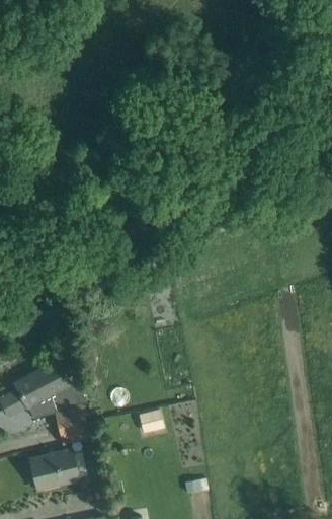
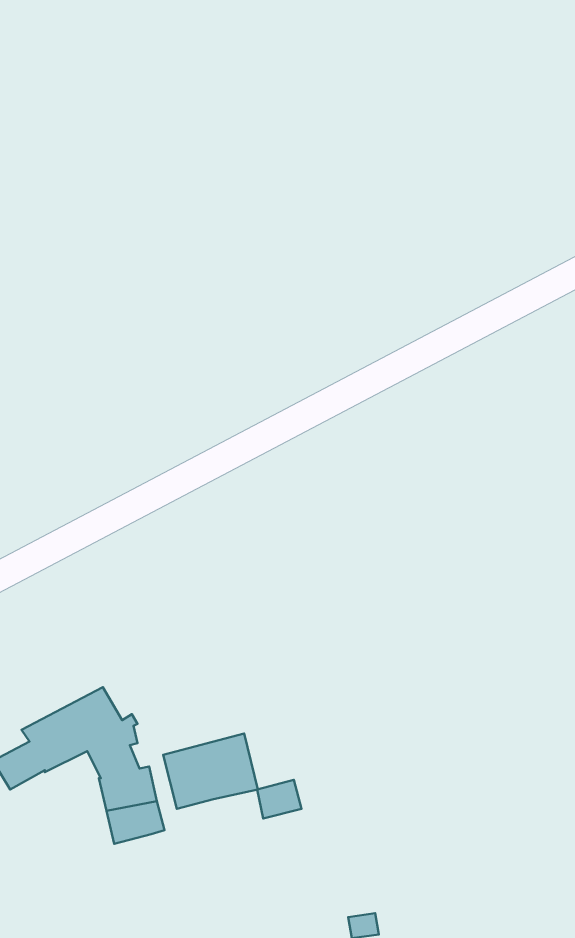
building: [31,449,81,489] -> [163,733,258,809]

